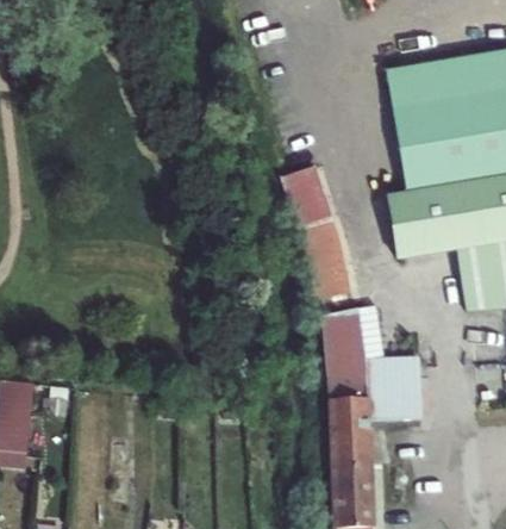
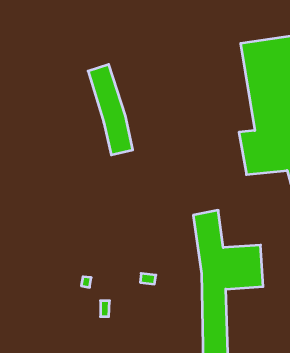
building: [282,168,346,298] -> [88,64,133,155]

